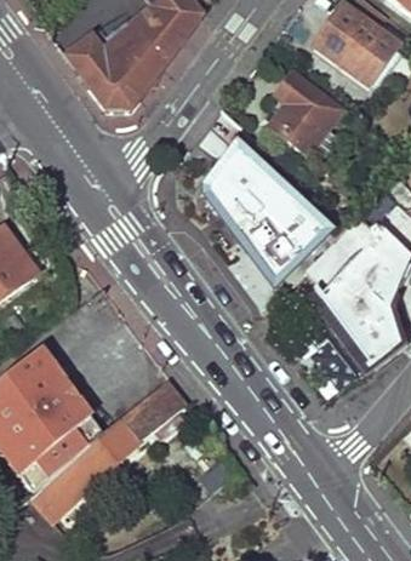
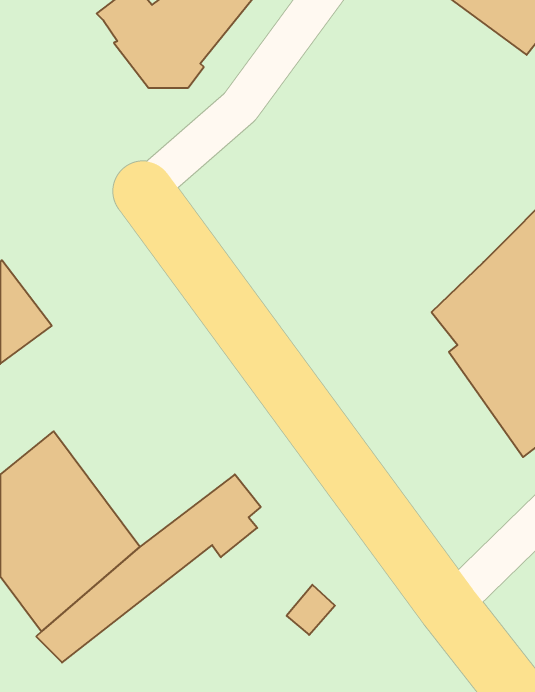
building: [269,75,339,162] -> none
building: [206,138,342,288] -> none

